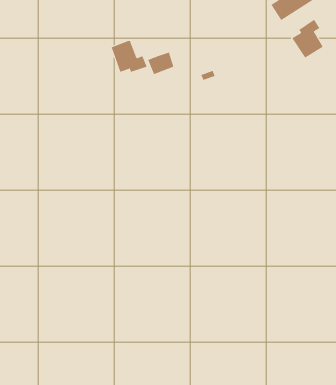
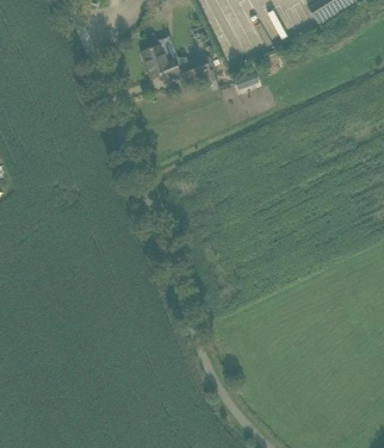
building: [292,19,323,59] -> none

